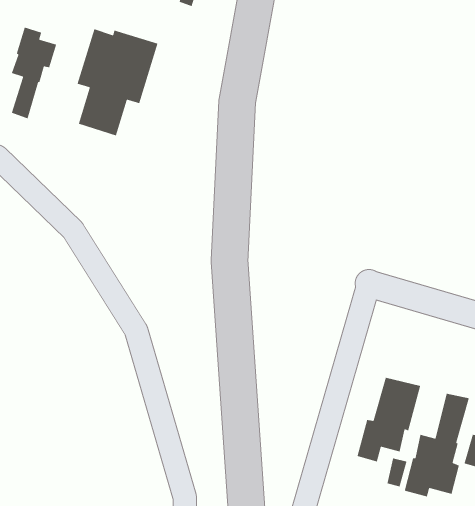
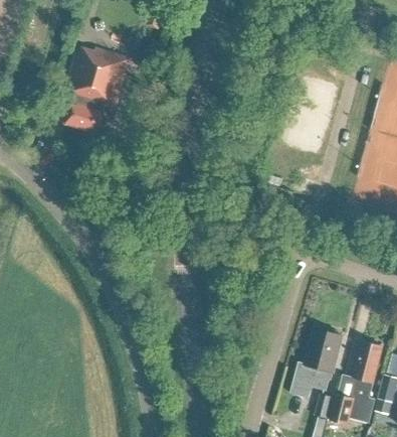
building: [11,27,57,119] -> none

